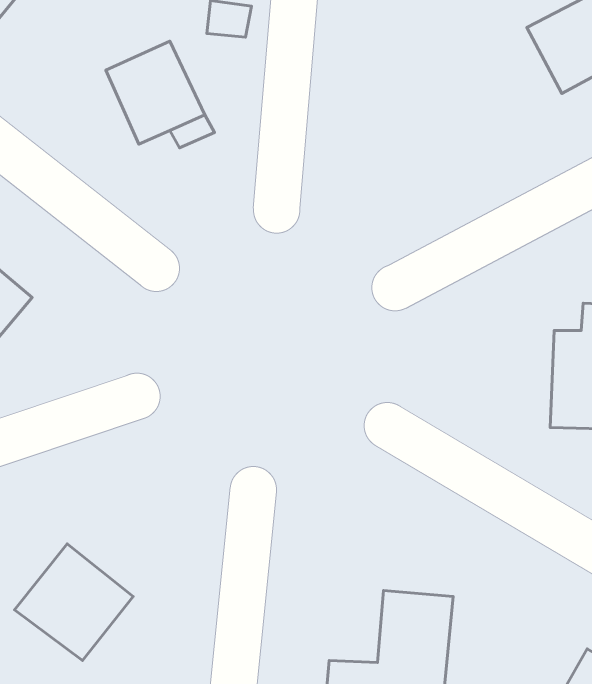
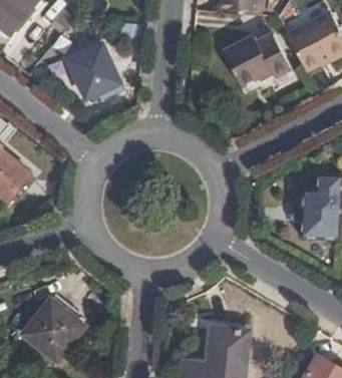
building: none -> [220,34,288,85]

